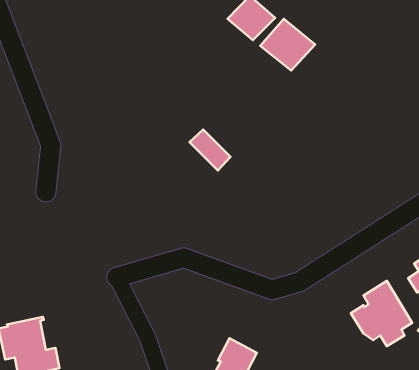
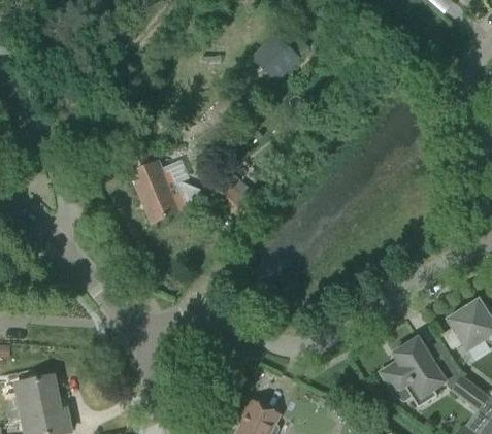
building: [260,19,315,70] -> none
building: none -> [122,140,204,223]

